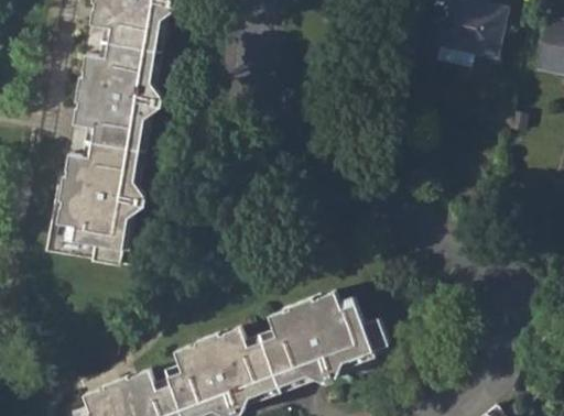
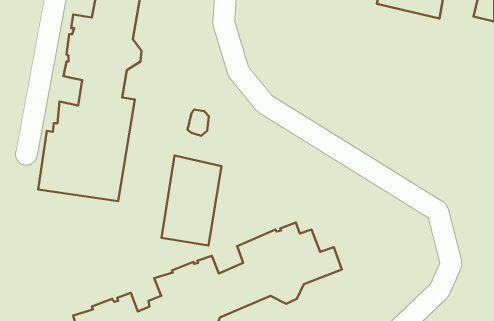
building: none -> [161,156,222,246]

